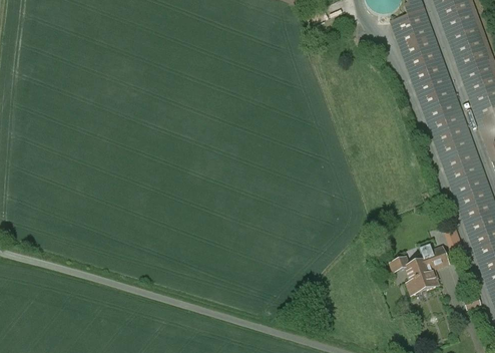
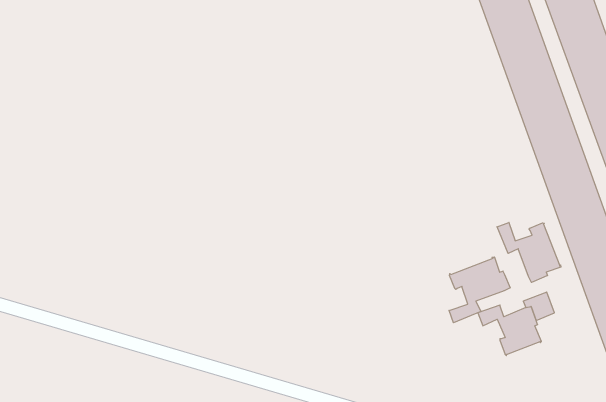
building: none -> [497,222,561,282]
building: none -> [449,257,510,323]

